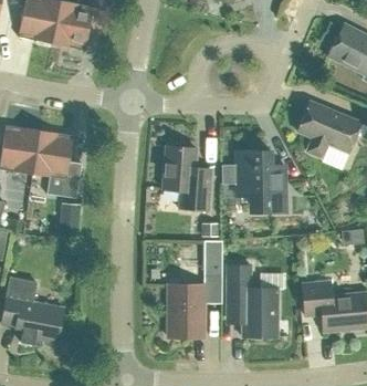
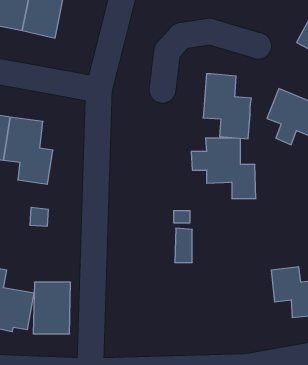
building: [162,145,211,210] -> [203,74,251,139]
building: [226,263,277,335] -> none
building: [167,284,205,336] -> [33,282,71,334]

